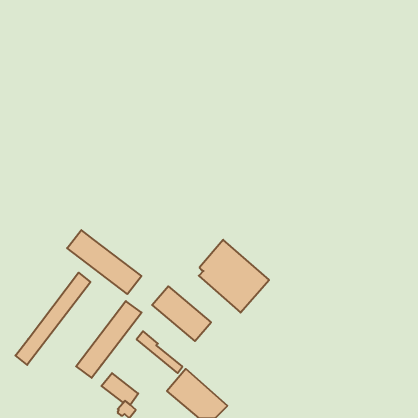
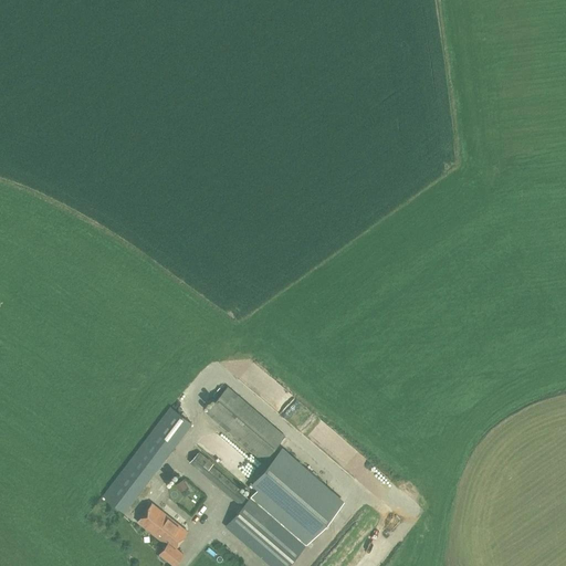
building: [67,230,141,294] -> none
building: [199,240,269,313] -> [251,450,346,548]
building: [15,273,90,365] -> none

